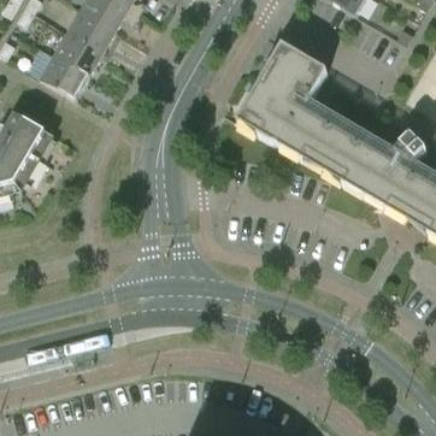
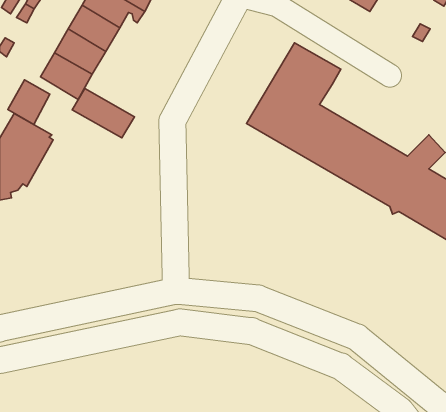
building: none -> [8,80,50,125]
building: none -> [72,89,134,138]

